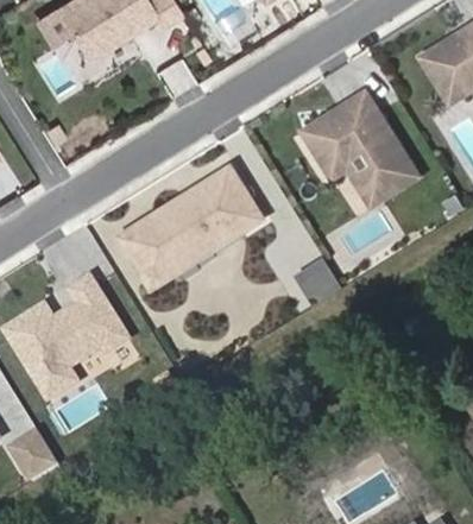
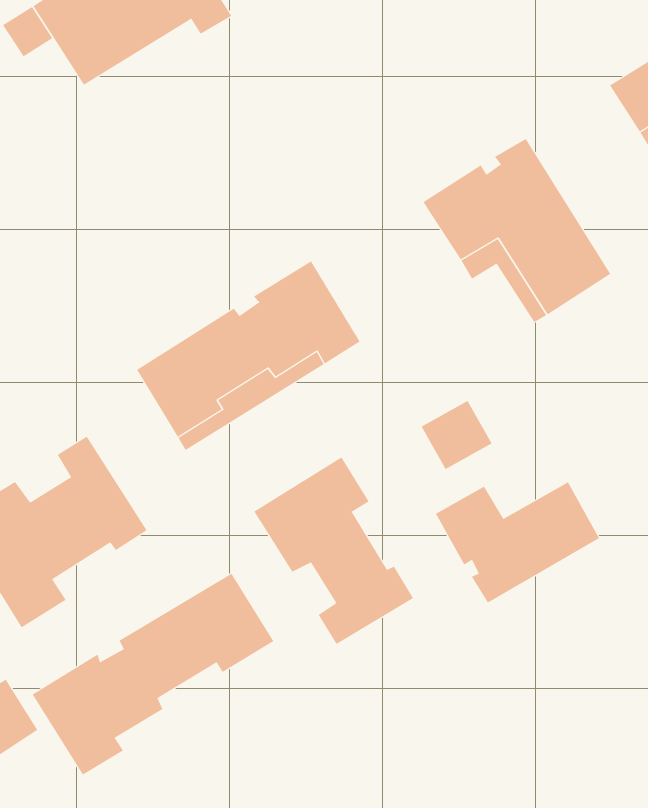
building: none -> [253,457,414,645]
building: none -> [435,481,600,604]
building: none -> [32,573,274,776]

